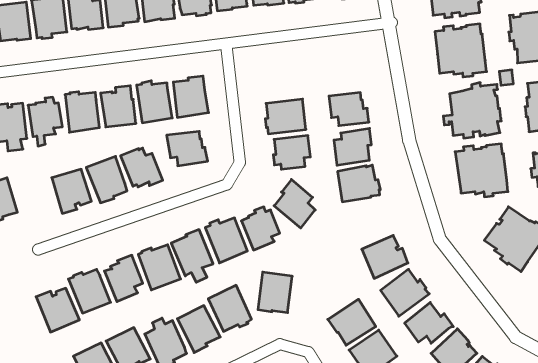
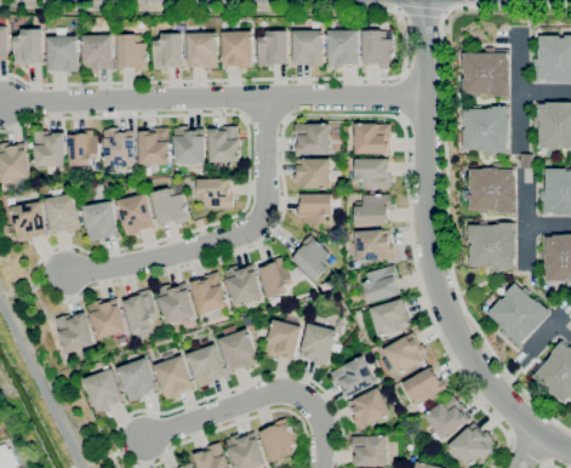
building: none -> [354,125,389,155]
building: none -> [295,125,329,154]
building: none -> [45,194,80,234]
building: none -> [361,266,398,304]
building: none -> [299,324,341,366]

